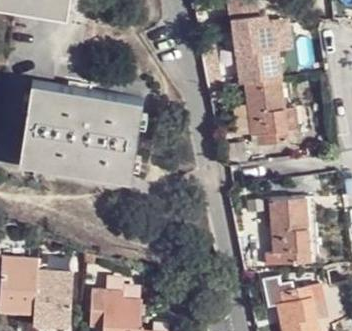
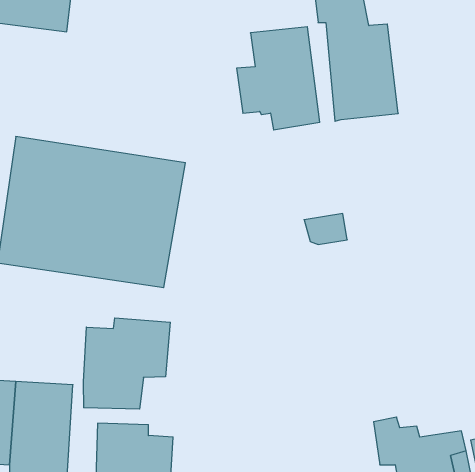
building: [235,78,289,145] -> [237,27,320,130]
building: [265,197,315,263] -> none
building: none -> [83,318,170,409]

